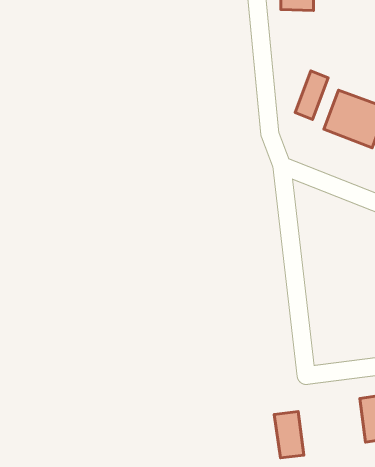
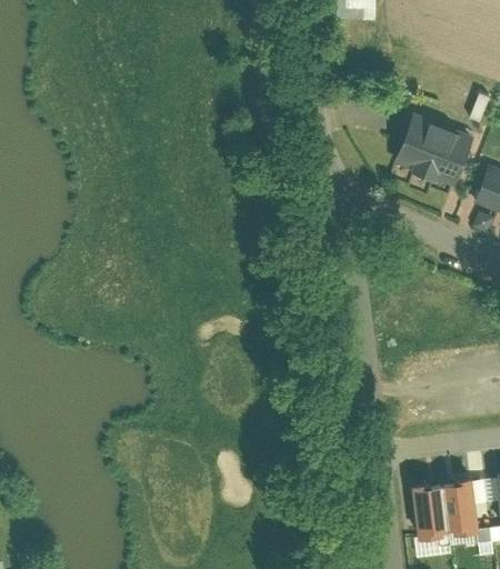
building: [295,71,328,120] -> none
building: [274,412,304,458] -> [411,486,447,541]

